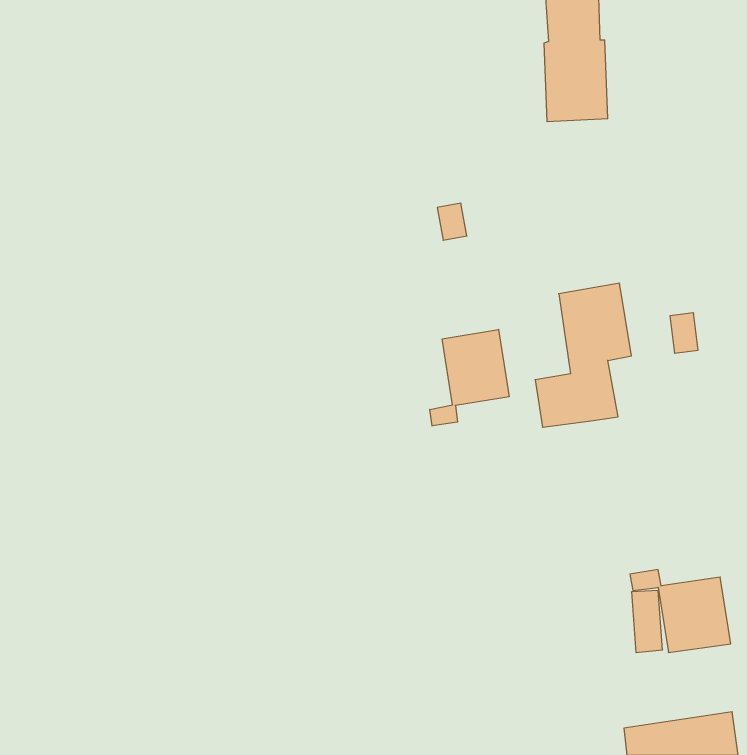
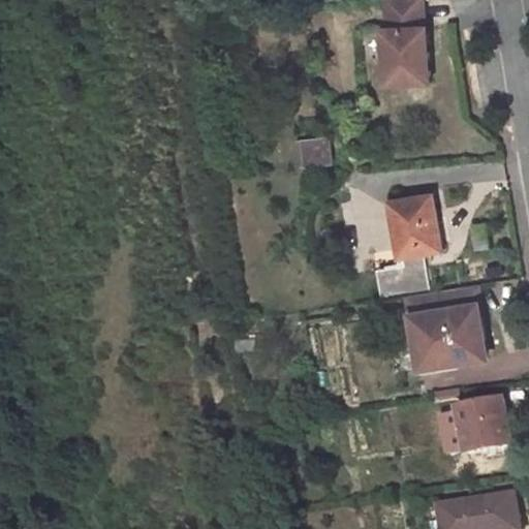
building: [430,329,509,426] -> none
building: none -> [410,284,484,366]

